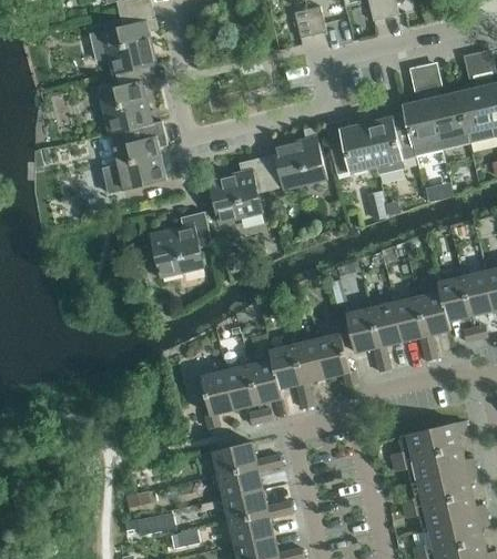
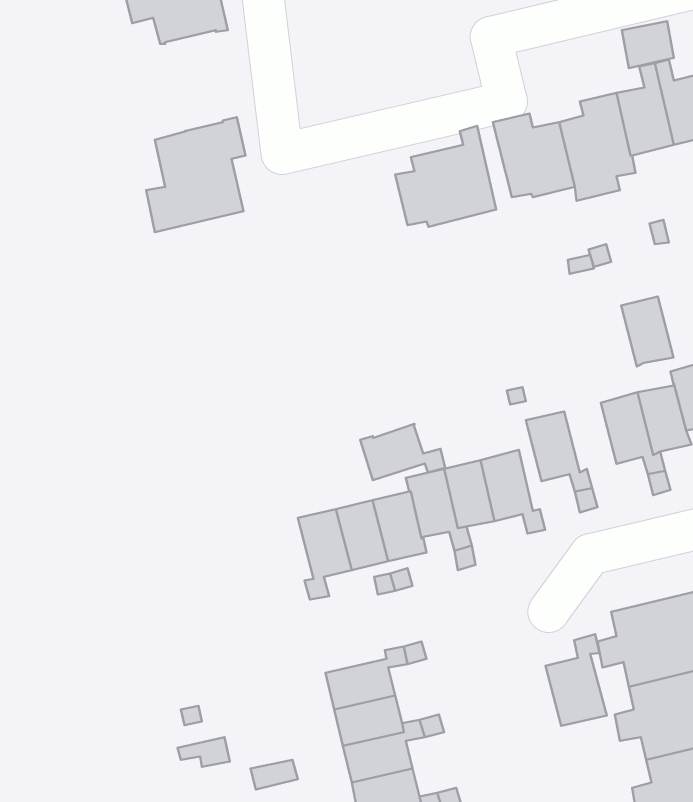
building: [99,65,154,135] -> none
building: [209,157,271,224] -> none
building: [150,212,213,278] -> none
building: [371,303,404,347] -> [621,297,673,366]
building: none -> [360,424,445,480]
building: [213,441,257,475] -> none
building: none -> [546,634,607,726]

